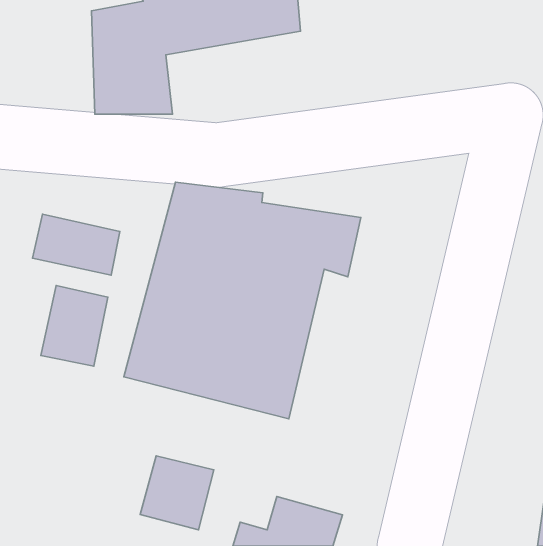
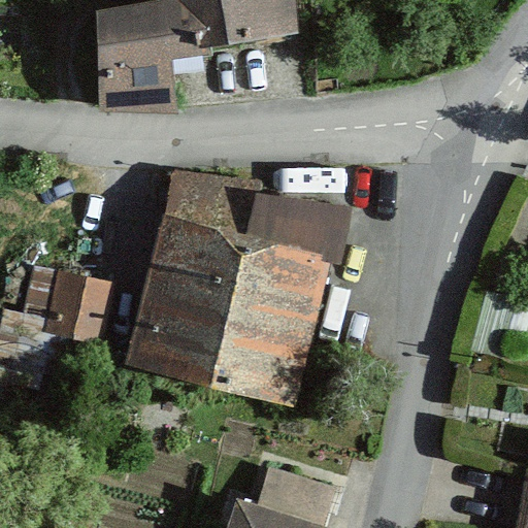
building: [32,214,120,275] -> none
building: [140,456,214,530] -> none

